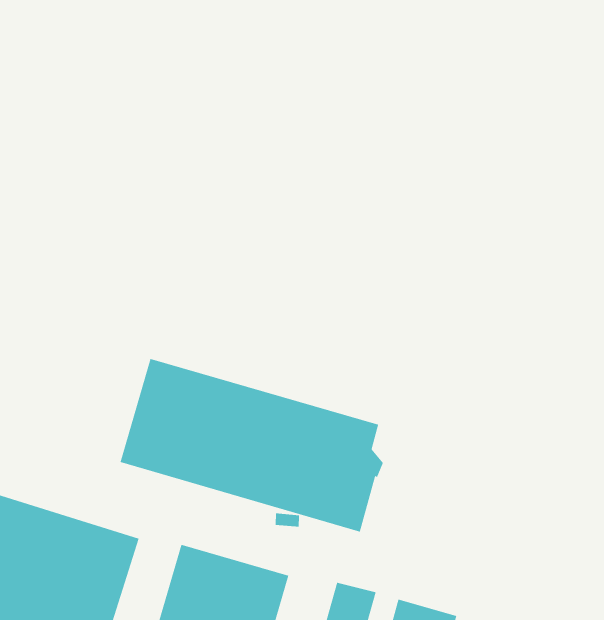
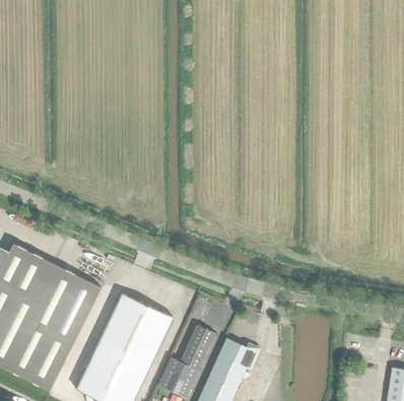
building: [120,358,383,532] -> none

